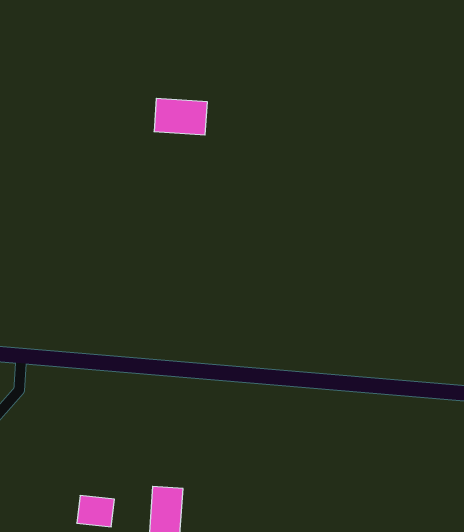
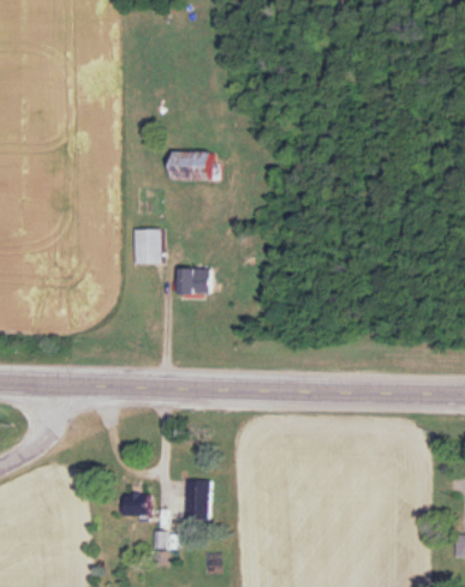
building: none -> [136,230,161,264]
building: none -> [177,269,214,295]

